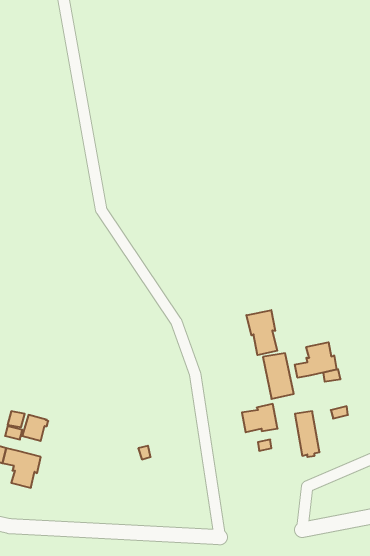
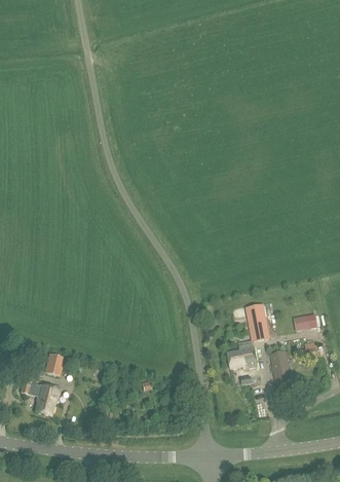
building: [246,310,277,355] -> none
building: [295,342,337,378] -> none

